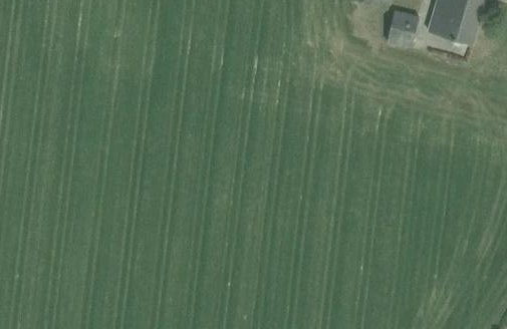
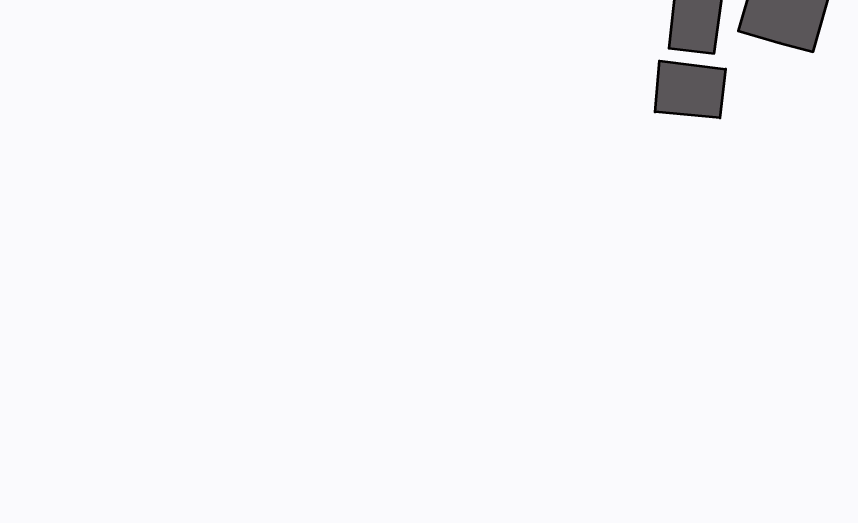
building: none -> [655,61,726,118]

